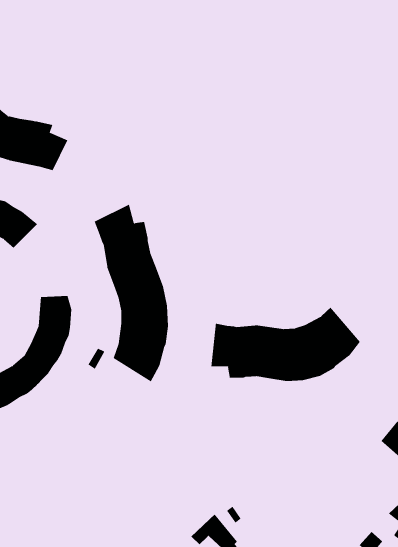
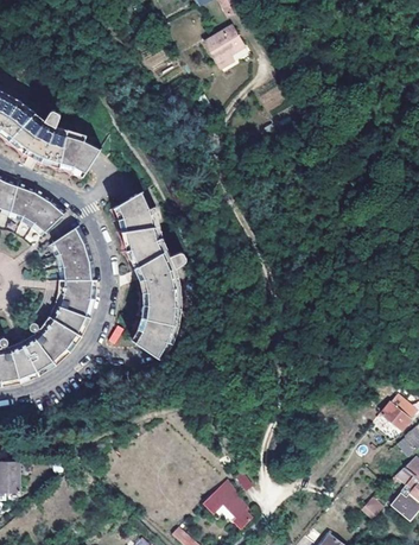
building: none -> [204,27,243,64]
building: none -> [47,226,90,279]
building: [211,307,360,382] -> none

